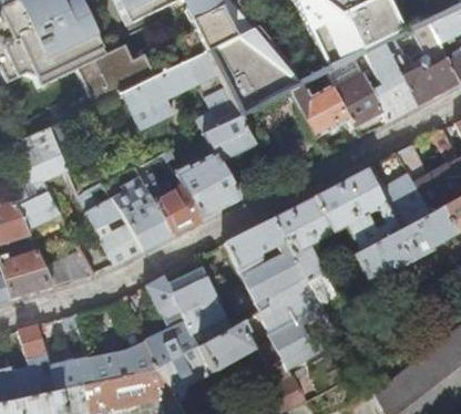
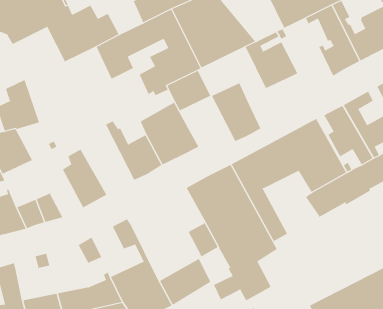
building: [332,72,387,136] -> [211,83,261,142]
building: [107,166,171,250] -> none
building: [167,263,232,343] -> none

